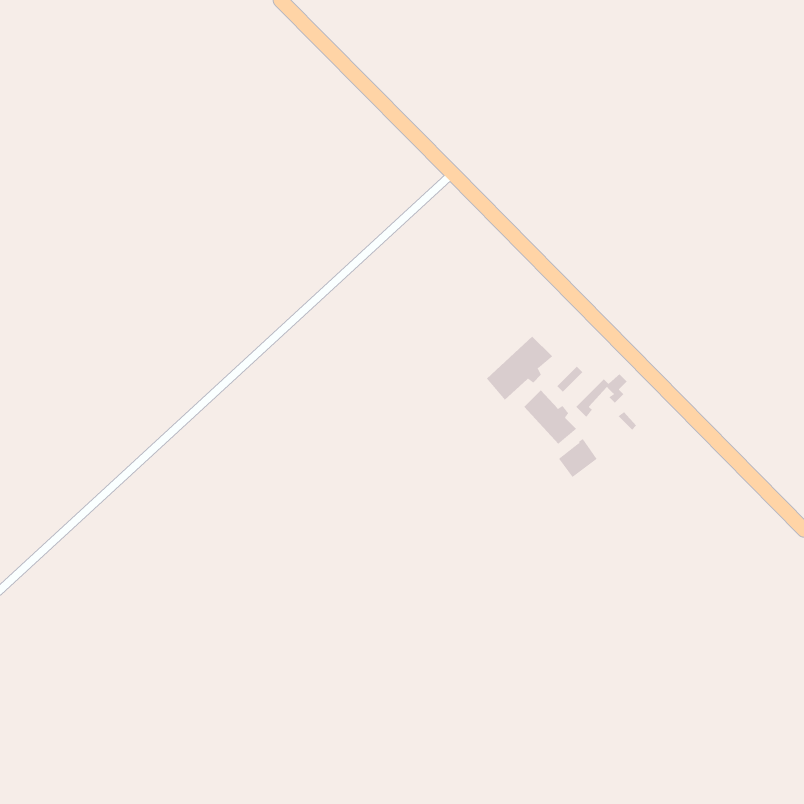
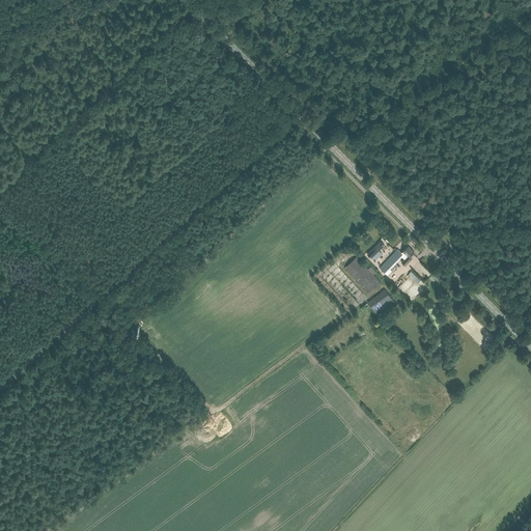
building: [486,336,553,401] -> none

